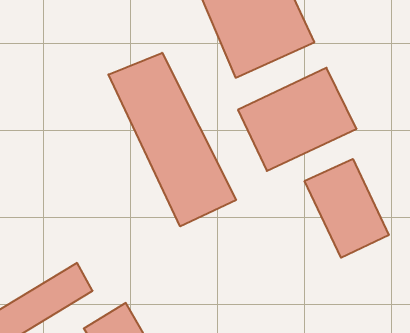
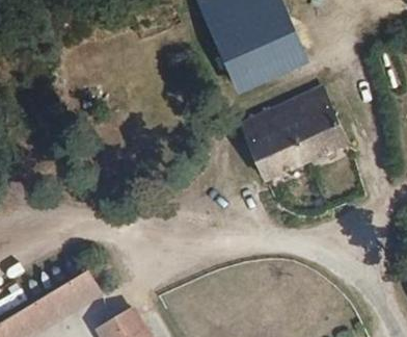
building: [108,53,236,226] -> none
building: [305,159,389,258] -> none

